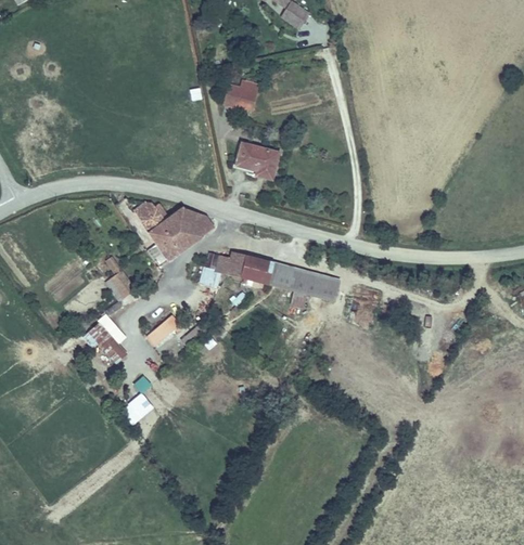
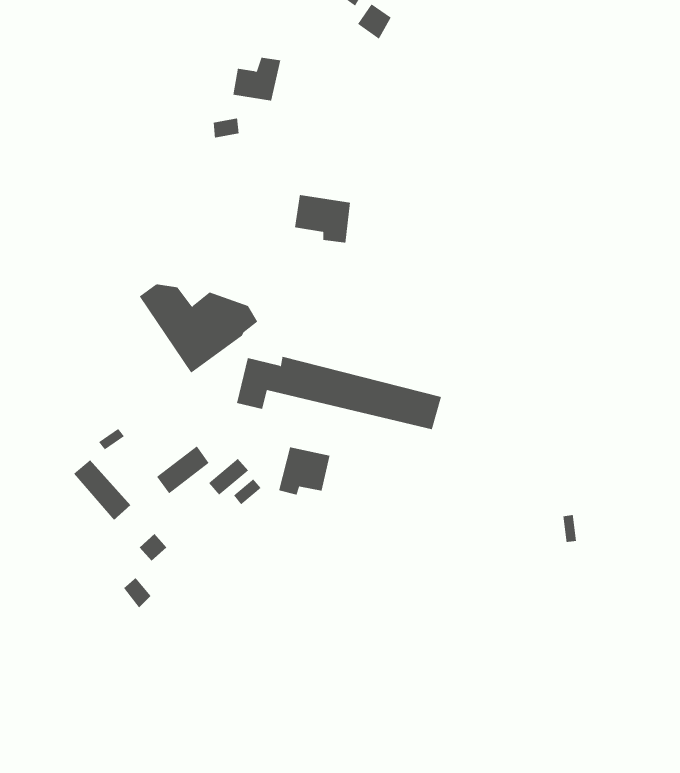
building: [221,75,255,105] -> [232,57,281,101]
building: [105,256,137,299] -> none
building: none -> [279,446,330,495]

